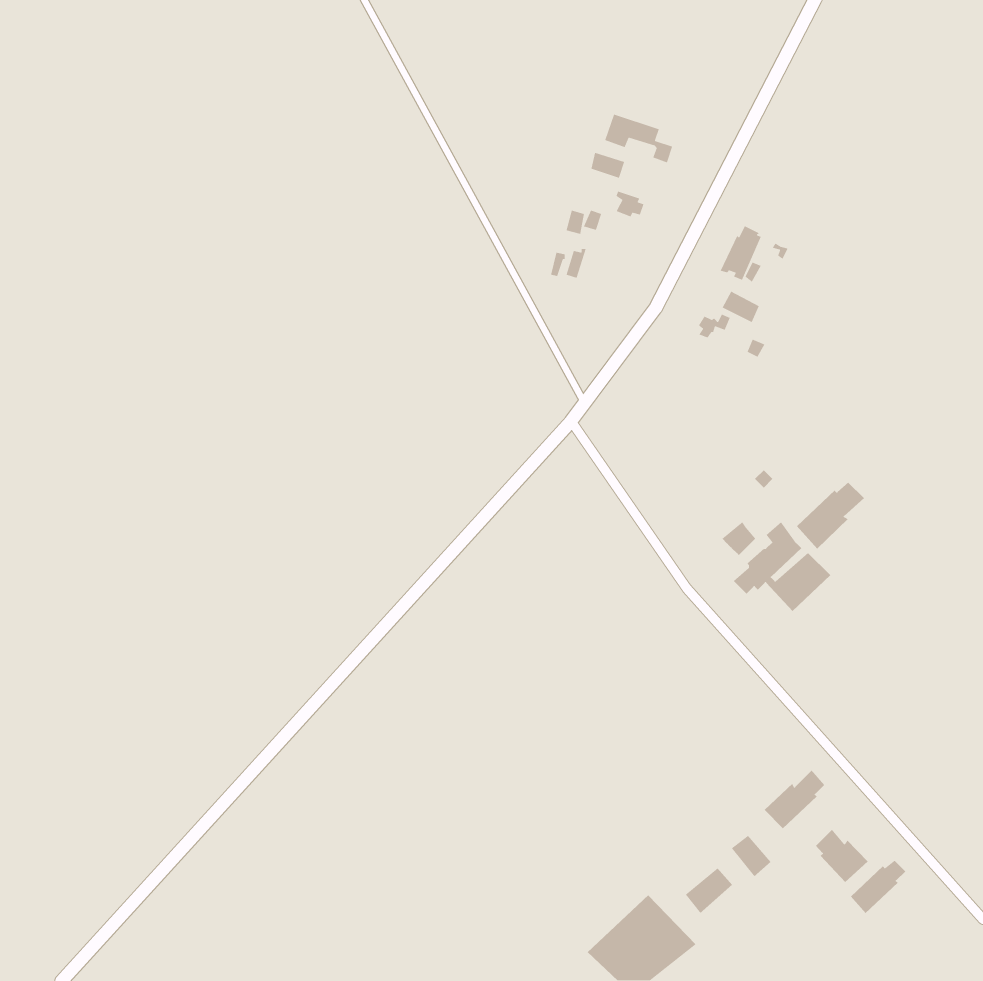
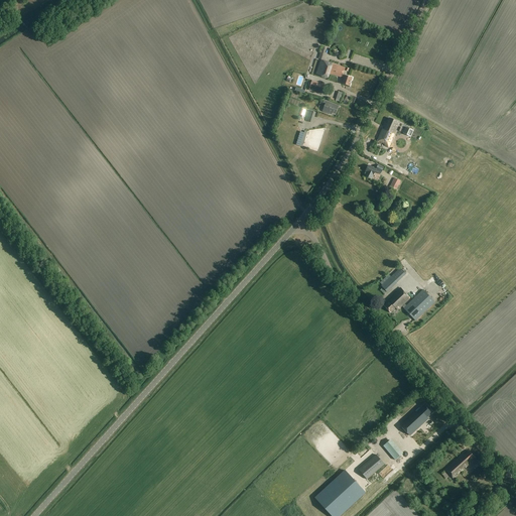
building: [796,482,865,549] -> none
building: [815,829,868,883] -> none

